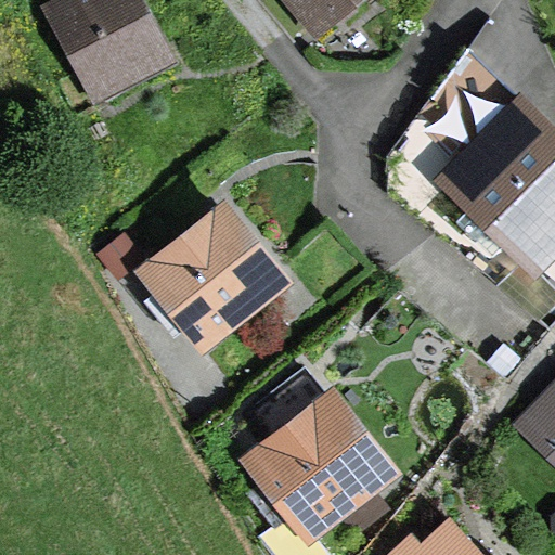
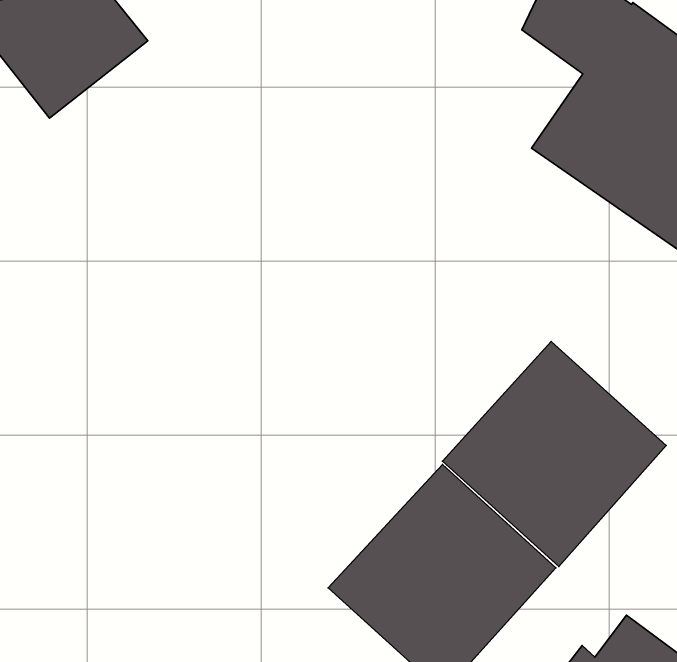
building: [133,192,293,350] -> none
building: none -> [443,342,666,567]

